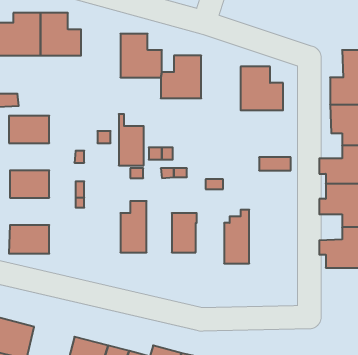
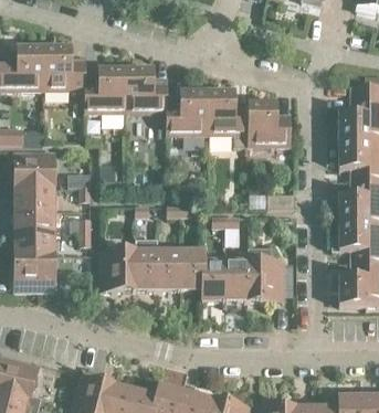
building: none -> [85,68,126,113]
building: none -> [208,91,248,146]
building: [119,114,144,165] -> [152,237,178,289]
building: none -> [13,179,54,206]
building: none -> [14,234,54,262]
building: none -> [256,246,283,300]
building: none -> [99,250,126,289]
building: none -> [201,260,231,300]

